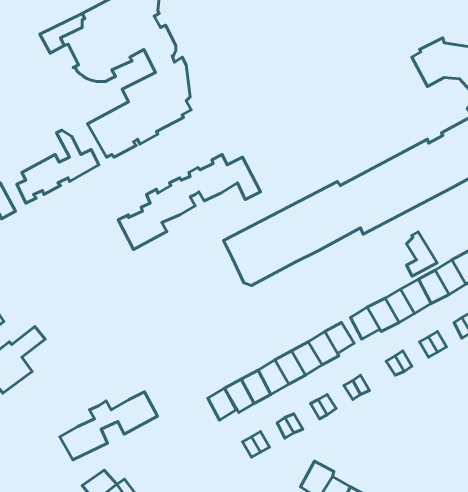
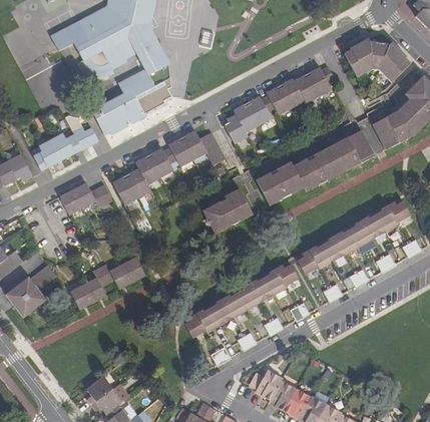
building: none -> [225,67,334,143]
building: none -> [61,181,112,214]
building: [406,232,437,276] -> none
building: [60,392,157,460] -> [70,257,146,310]

